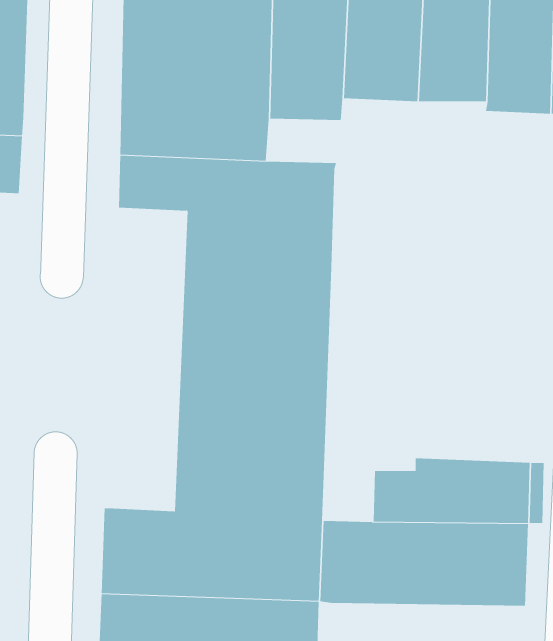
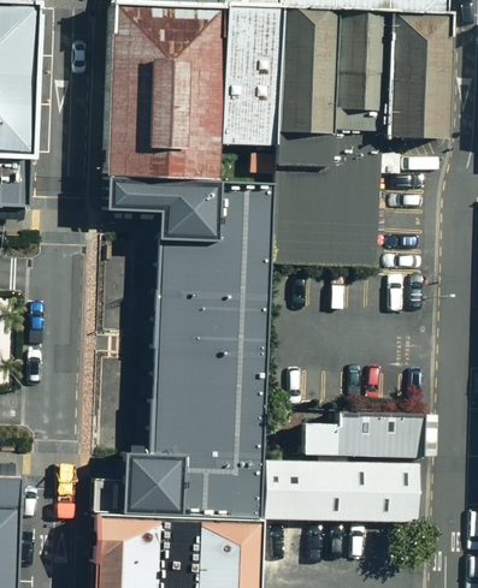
building: none -> [270,133,384,269]

